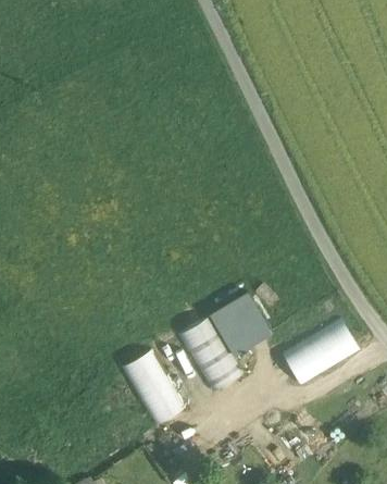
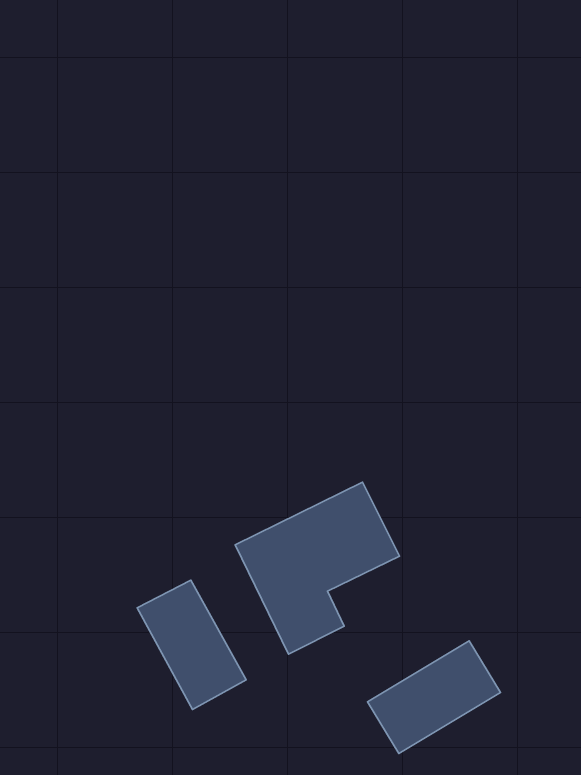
building: [283,317,361,383] -> [368,641,501,754]

